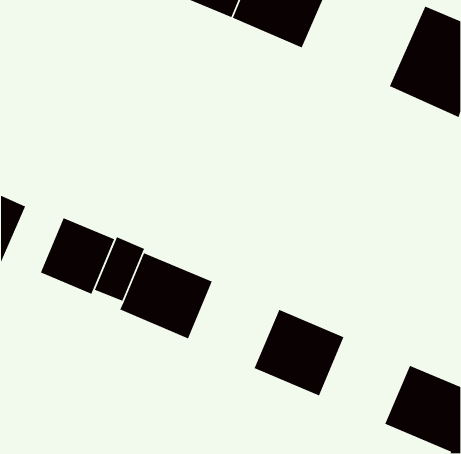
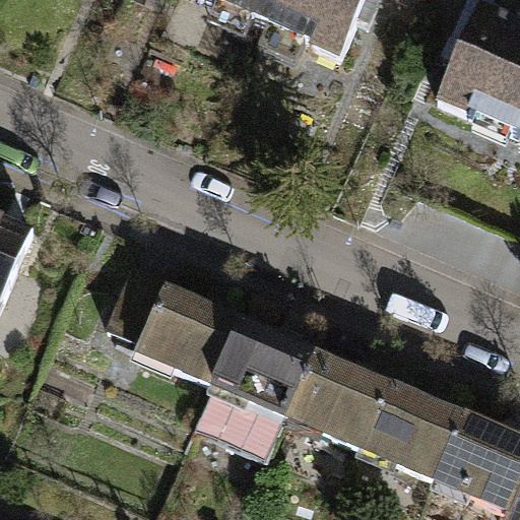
building: [40,217,115,295] -> none
building: none -> [193,317,314,458]
building: none -> [360,380,461,478]

